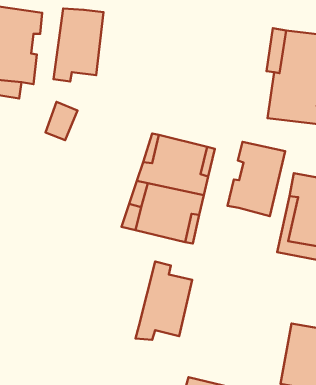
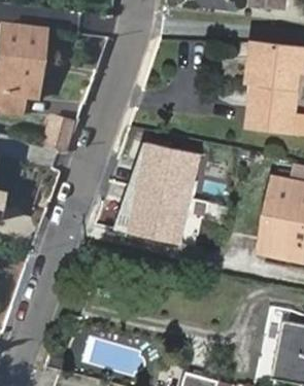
building: [54,8,103,82] -> none
building: [227,142,285,216] -> none
building: [135,262,192,340] -> none

